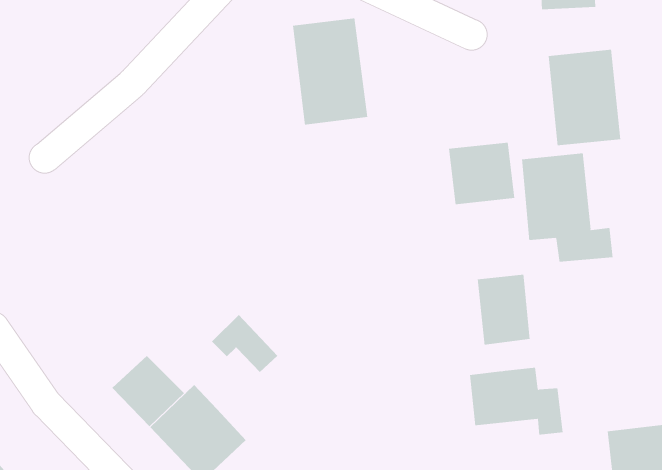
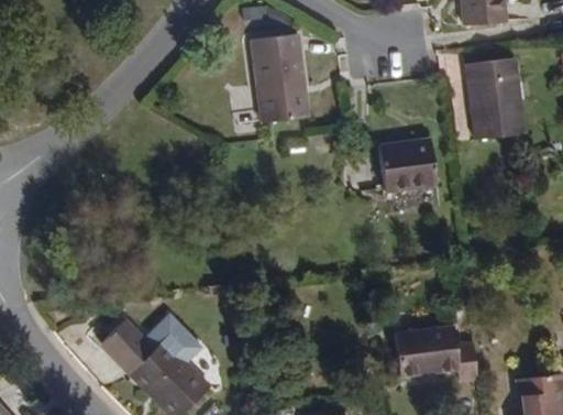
building: [522,152,613,263] -> none
building: [477,274,530,346] -> none
building: [211,314,278,373] -> [147,312,203,361]

